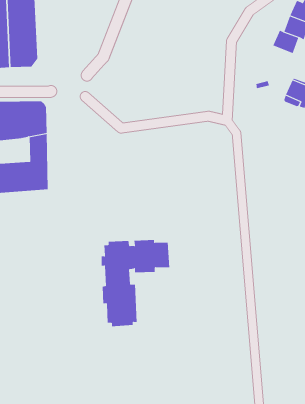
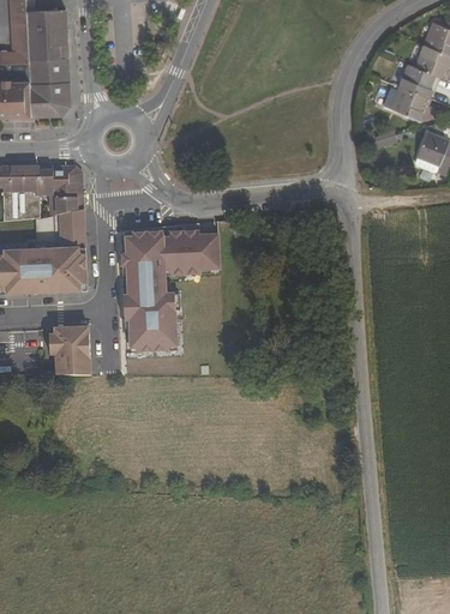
building: none -> [390,85,428,120]
building: none -> [49,326,90,374]
building: [101,240,170,327] -> [121,229,218,351]

